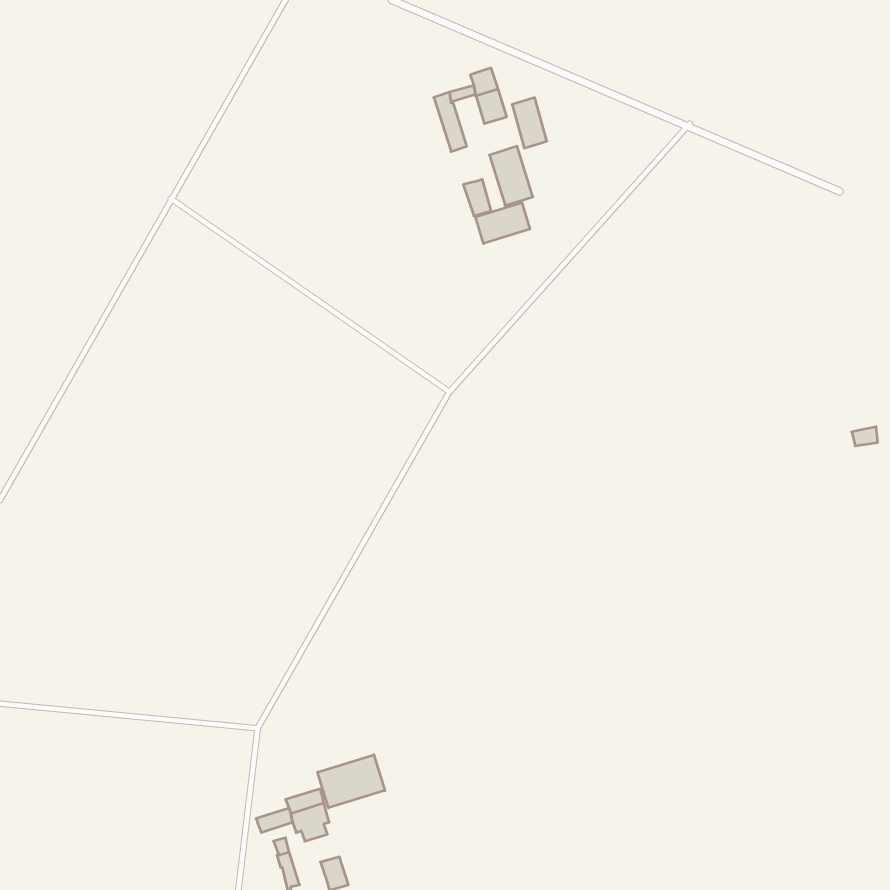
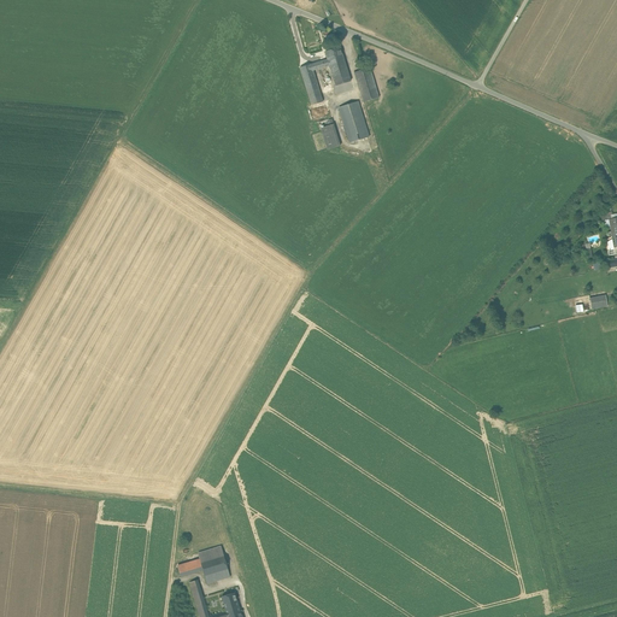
building: [475,203,530,244] -> none
building: [318,755,385,808] -> none

